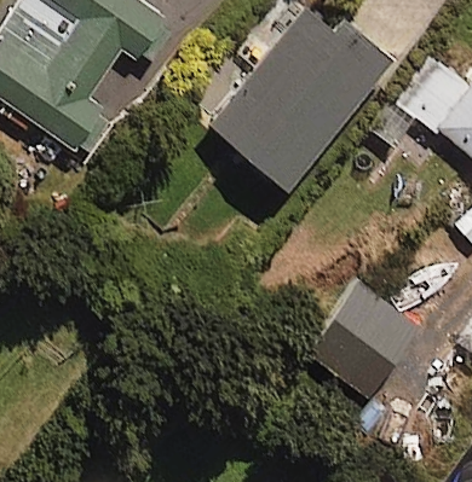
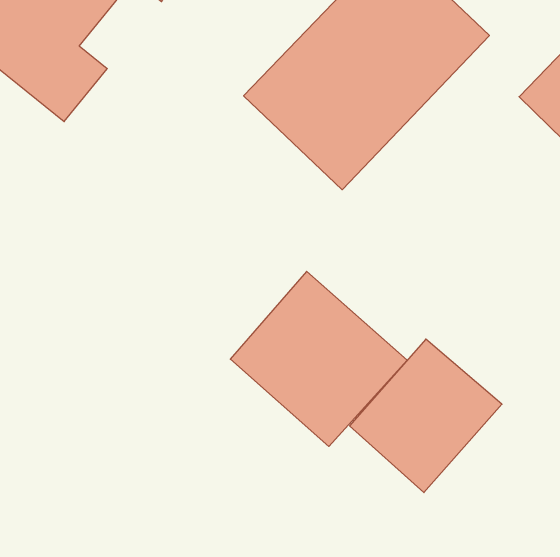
building: none -> [230,271,407,446]

